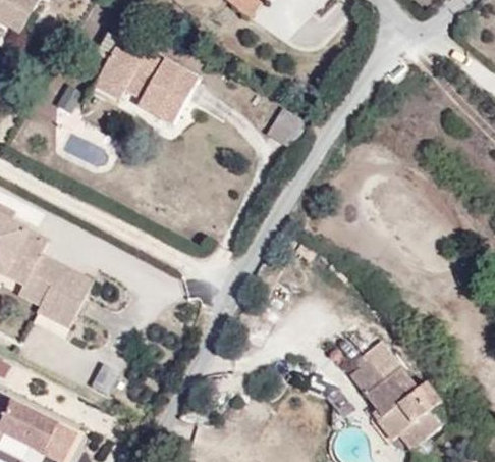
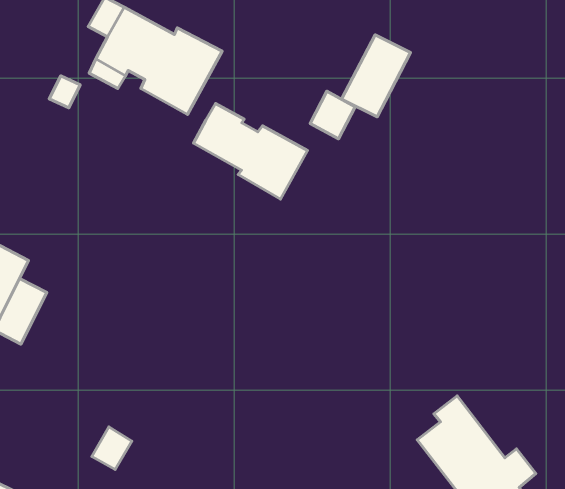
building: none -> [342,35,411,117]
building: none -> [193,104,307,199]
building: [34,263,91,326] -> none

